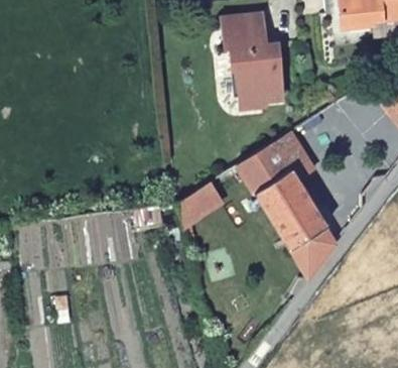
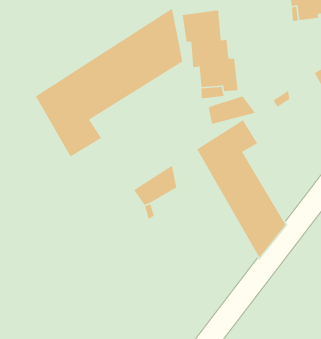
building: none -> [35,8,183,157]
building: none -> [208,95,256,125]

